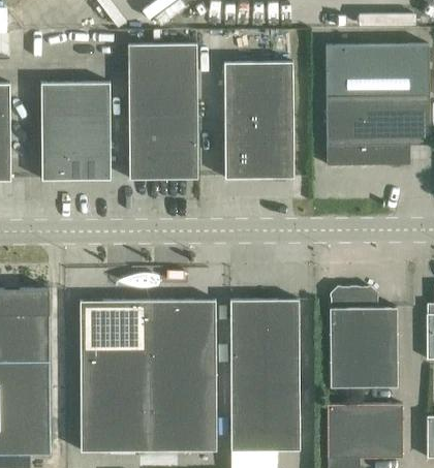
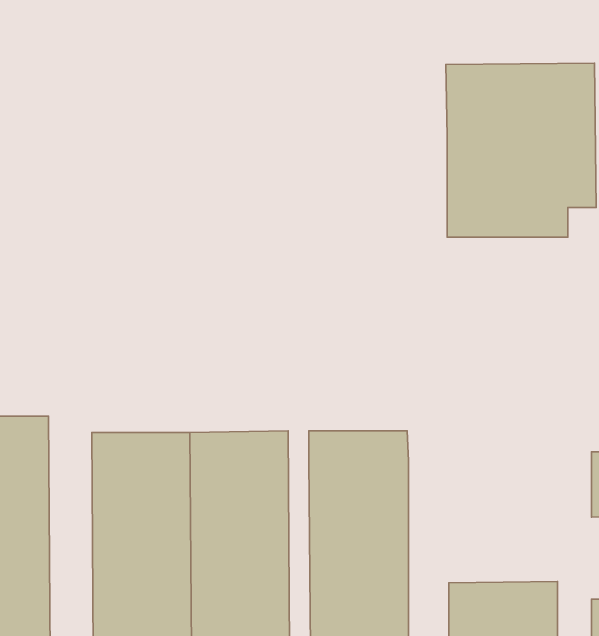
building: [128,43,198,180] -> none
building: [224,62,293,179] -> none
building: [41,83,111,180] -> none
building: [330,287,398,387] -> none

